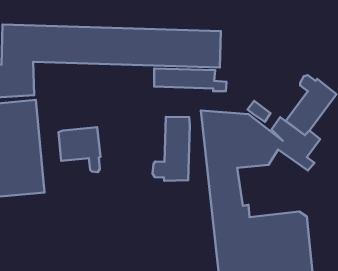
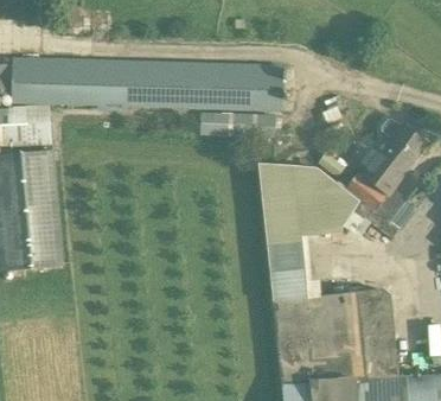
building: [152,117,190,181] -> none
building: [58,127,101,172] -> none

